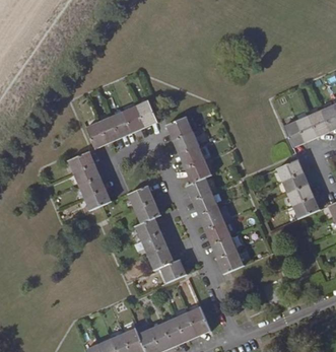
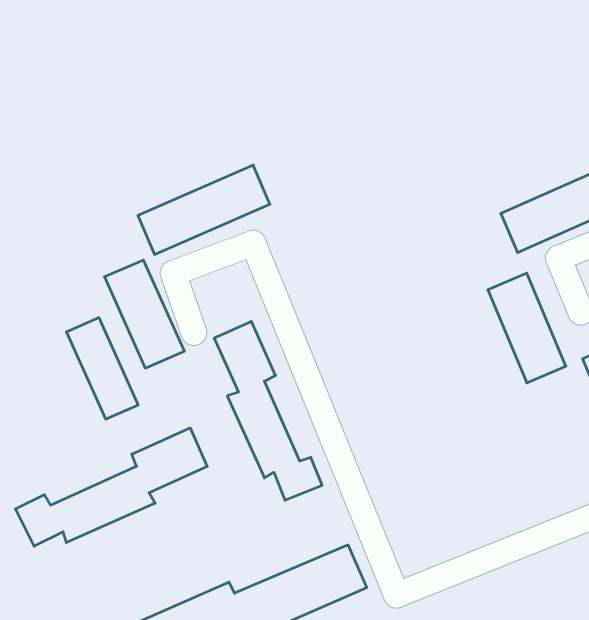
building: [165,116,244,273] -> none
building: none -> [66,318,138,419]
building: none -> [15,428,207,546]

